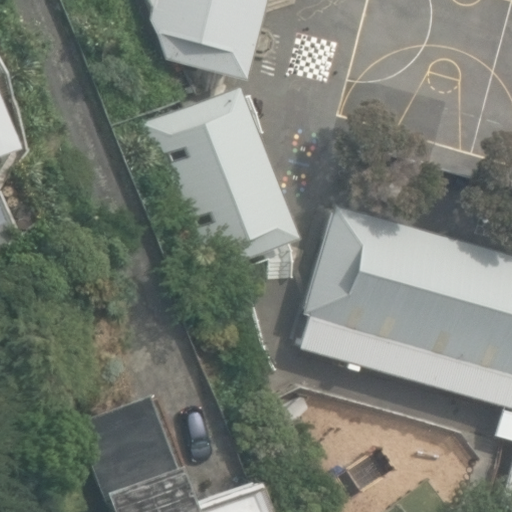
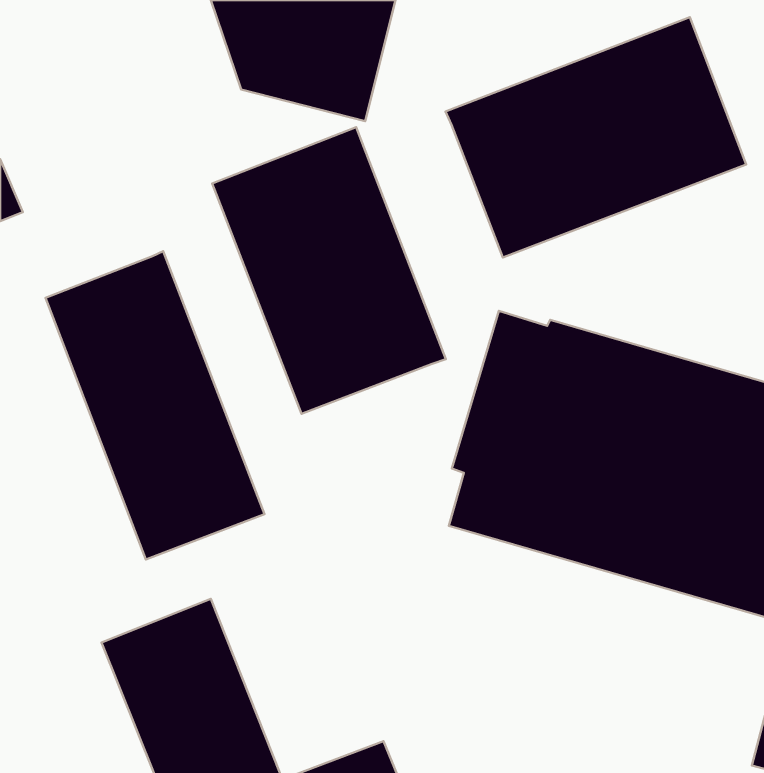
building: none -> [445,17,746,258]
building: none -> [45,251,265,559]

